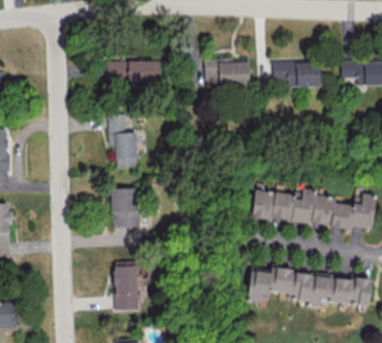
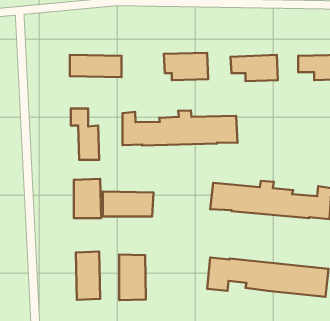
building: none -> [122,111,238,146]
building: none -> [103,192,153,217]
building: none -> [119,255,146,300]

